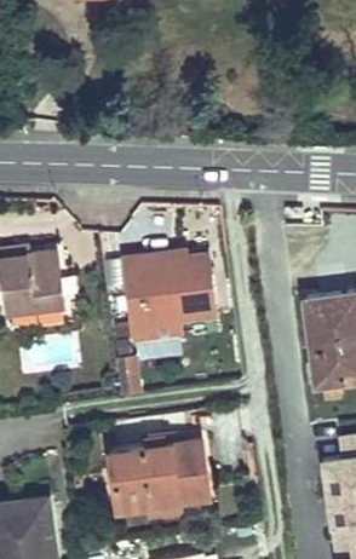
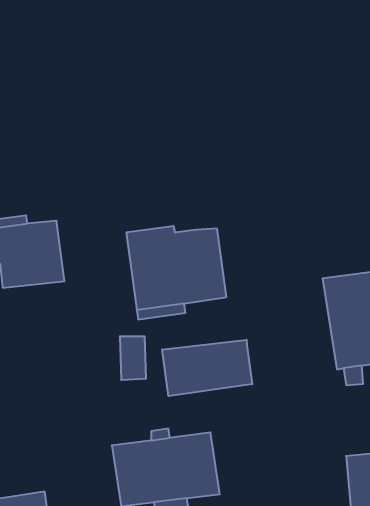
building: none -> [162,340,252,396]

